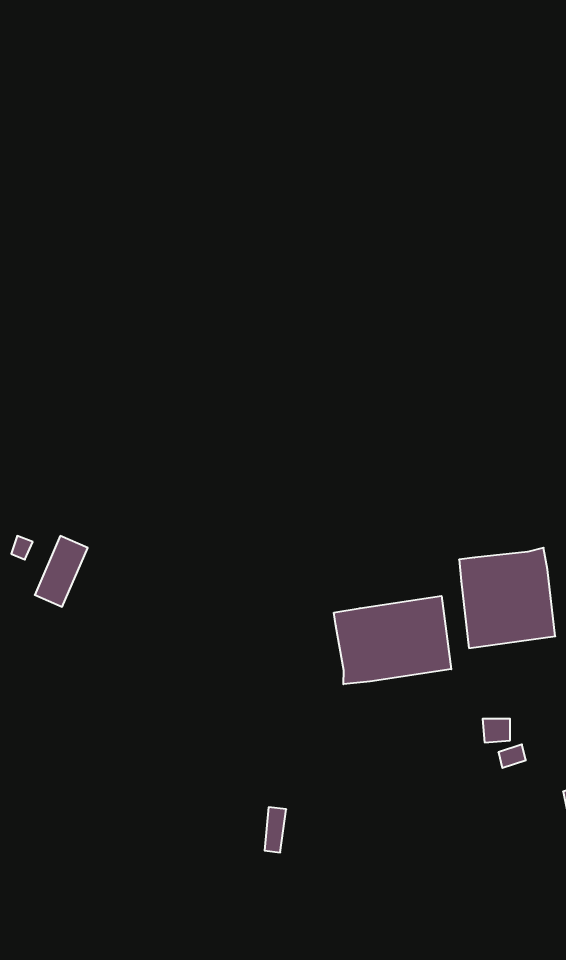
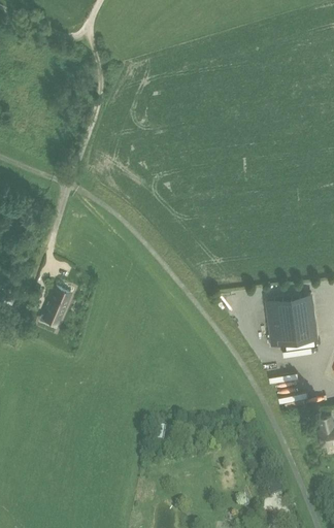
building: [334,596,451,684] -> none

